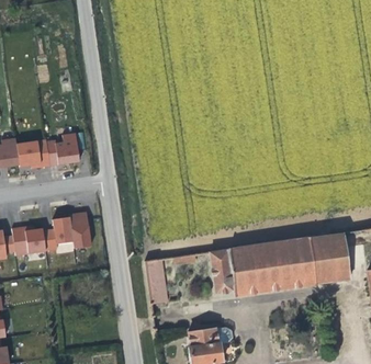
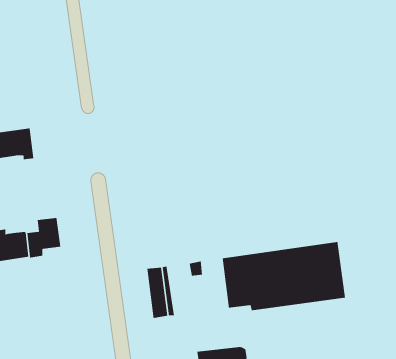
building: [45,134,78,167] -> none
building: [68,213,90,249] -> none
building: [310,234,350,286] -> none

